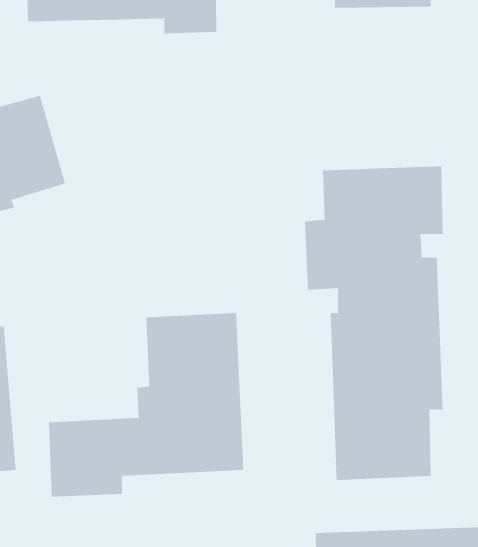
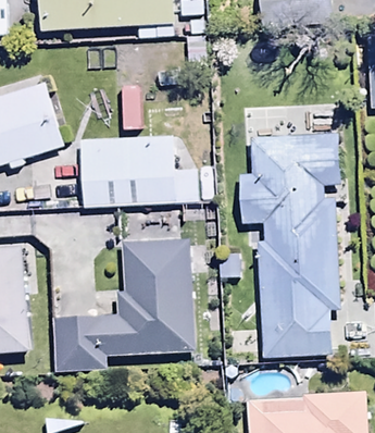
building: none -> [80,135,199,207]

